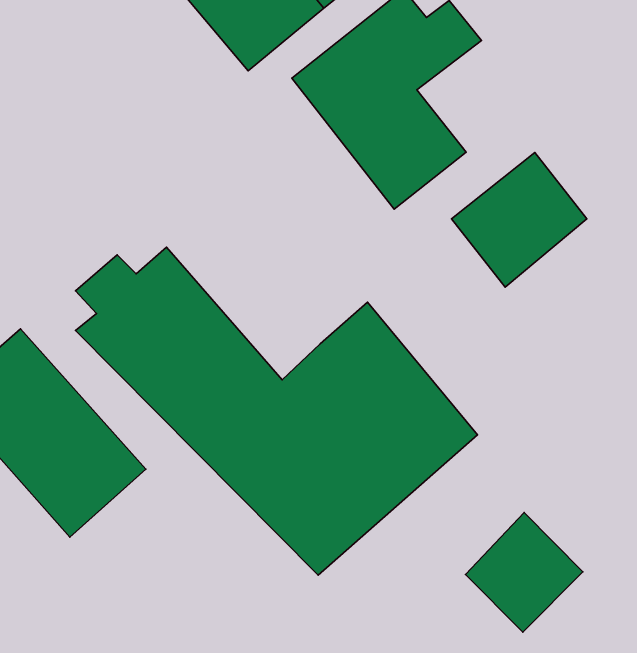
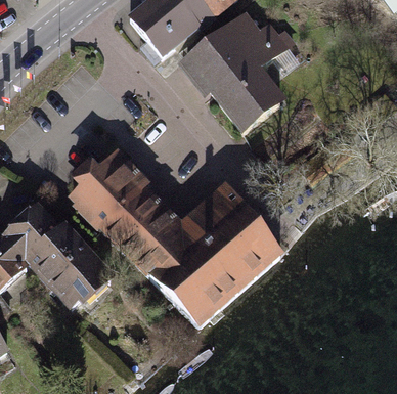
building: [452,153,587,287] -> none
building: [465,512,583,632] -> none

